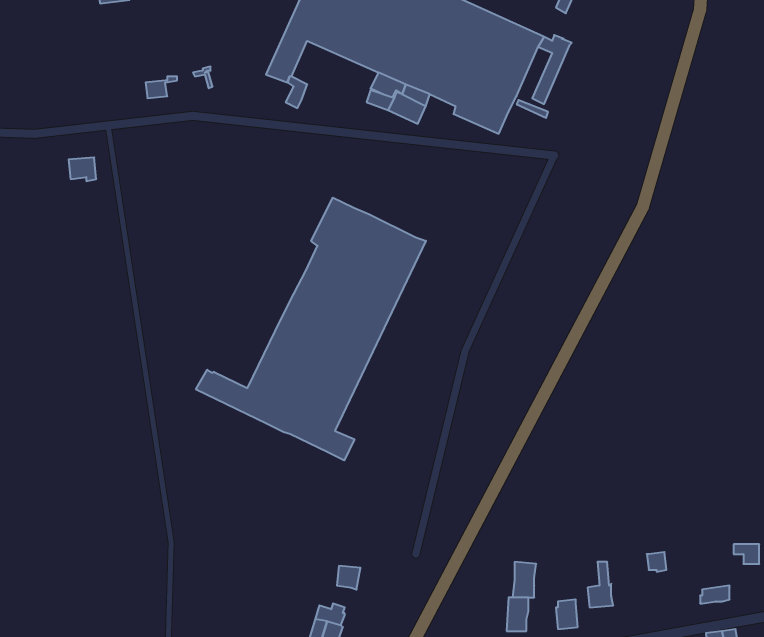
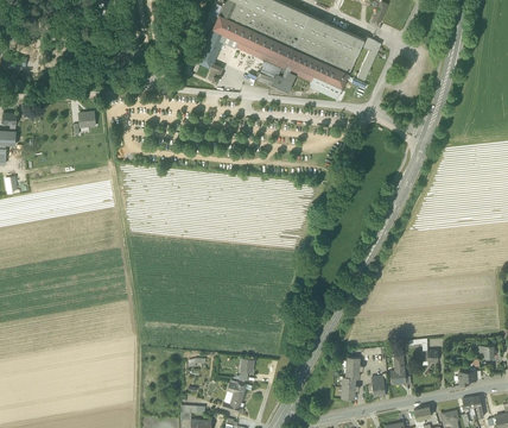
building: [196,198,426,460] -> none

